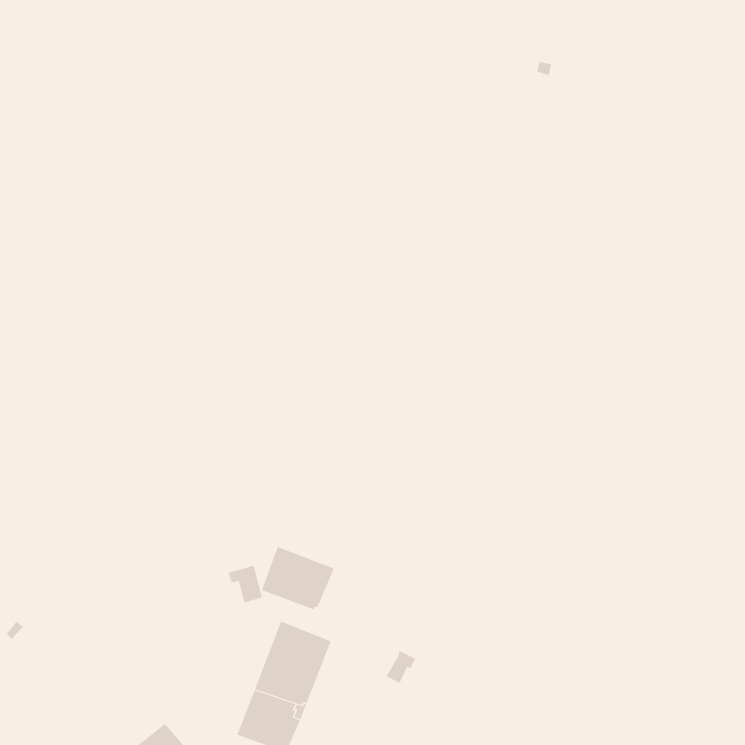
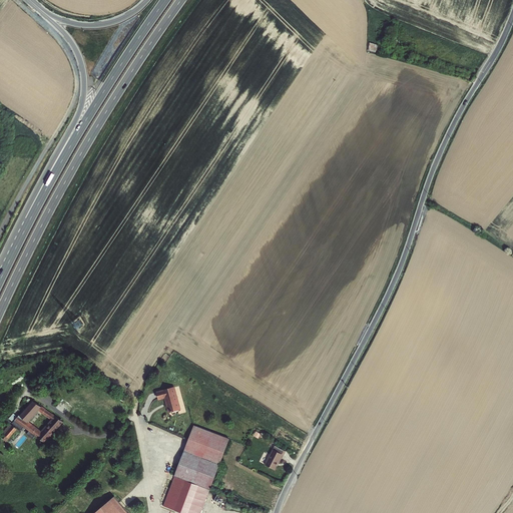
building: [261,546,335,610] -> none
building: none -> [17,402,65,445]

